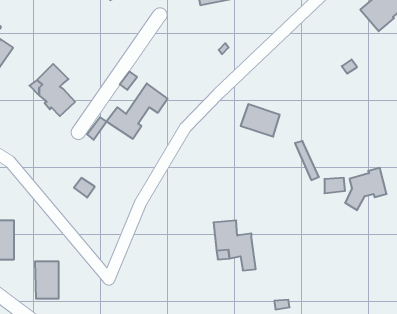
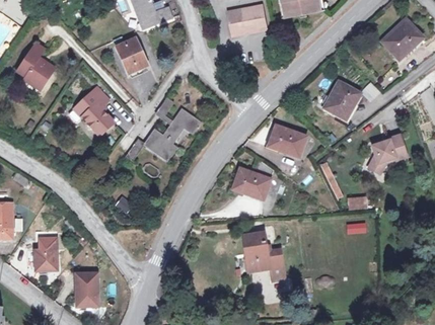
building: none -> [116,39,149,76]
building: none -> [321,79,359,116]
building: none -> [229,170,266,198]
building: [345,168,387,210] -> [367,135,406,174]

